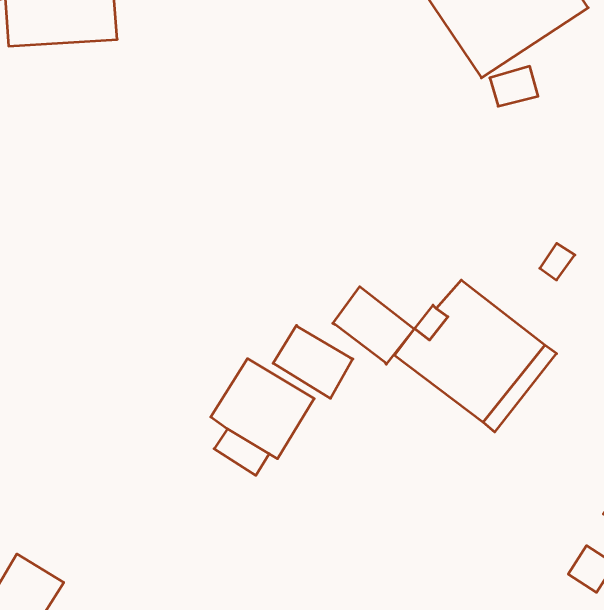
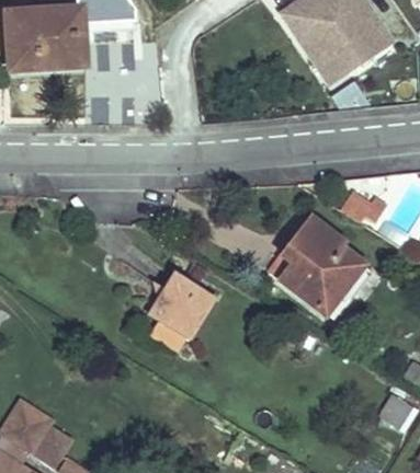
building: [333,287,414,364] -> none
building: [273,325,353,398] -> none

